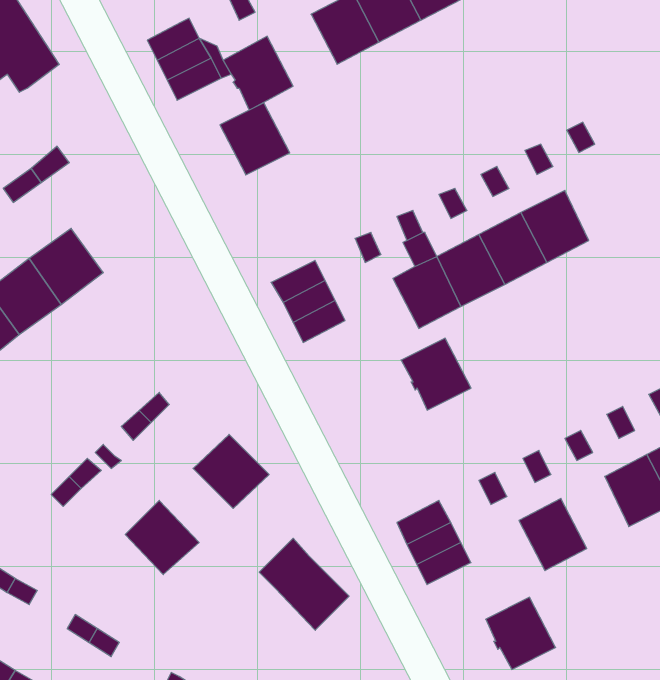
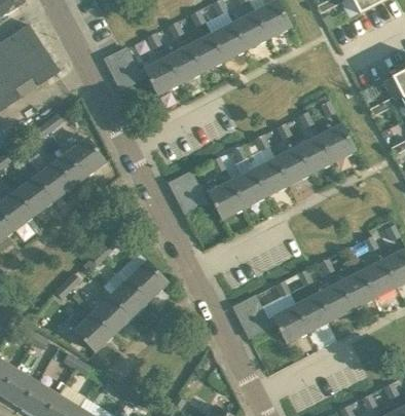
building: [220,103,290,175] -> [164,46,200,83]
building: none -> [318,125,353,162]
building: none -> [64,140,103,179]
building: [401,338,471,410] -> [207,182,243,219]
building: none -> [316,283,351,320]
building: none -> [73,313,111,351]
building: [259,538,349,630] -> [101,270,147,317]
building: [486,597,556,669] -> [271,306,307,343]

